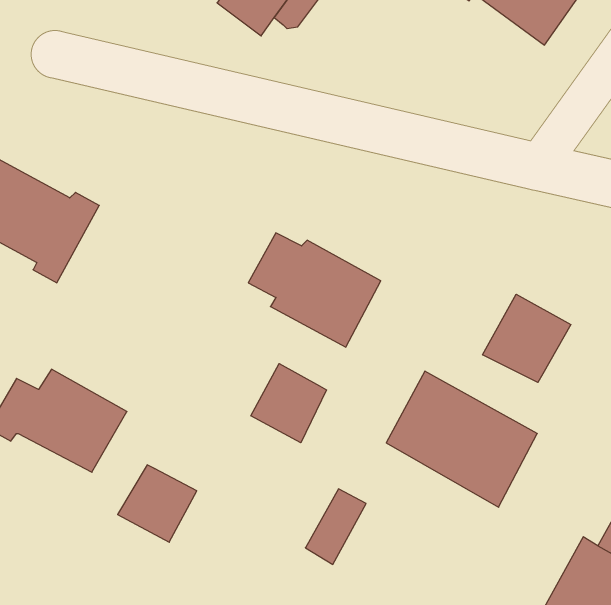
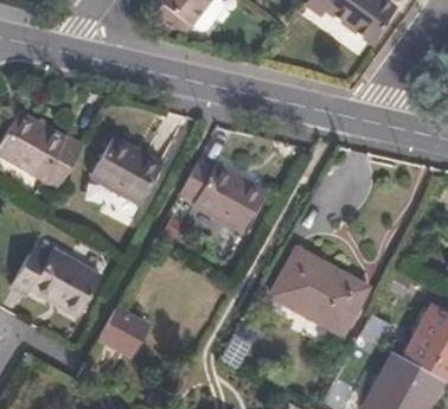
building: none -> [91,134,162,202]
building: [483,294,571,382] -> none
building: [251,364,326,443] -> none

